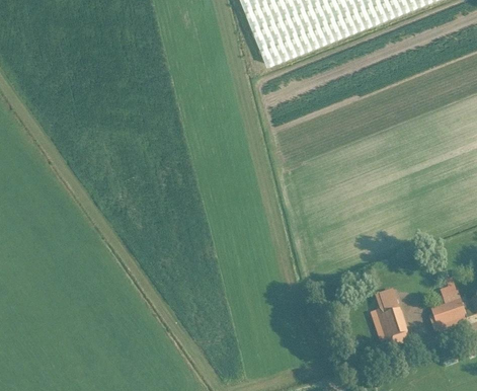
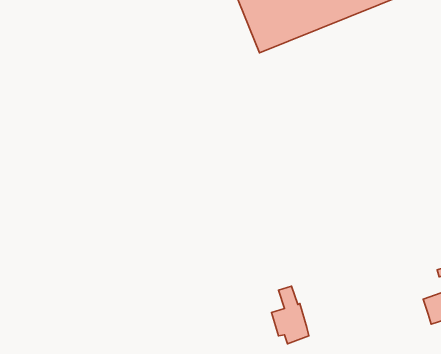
building: [374,293,411,350] -> [271,286,309,344]

